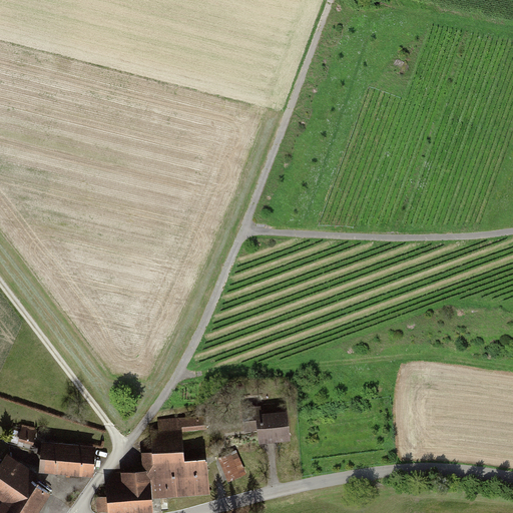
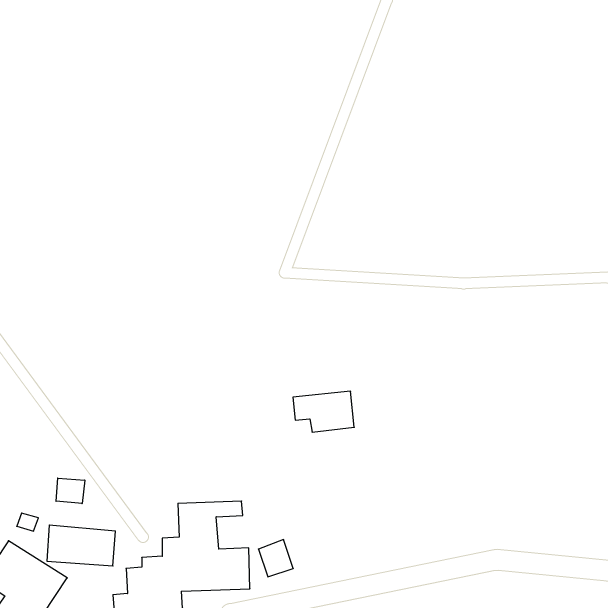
building: none -> [56,478,85,504]
building: [240,411,292,445] -> [293,391,354,432]

